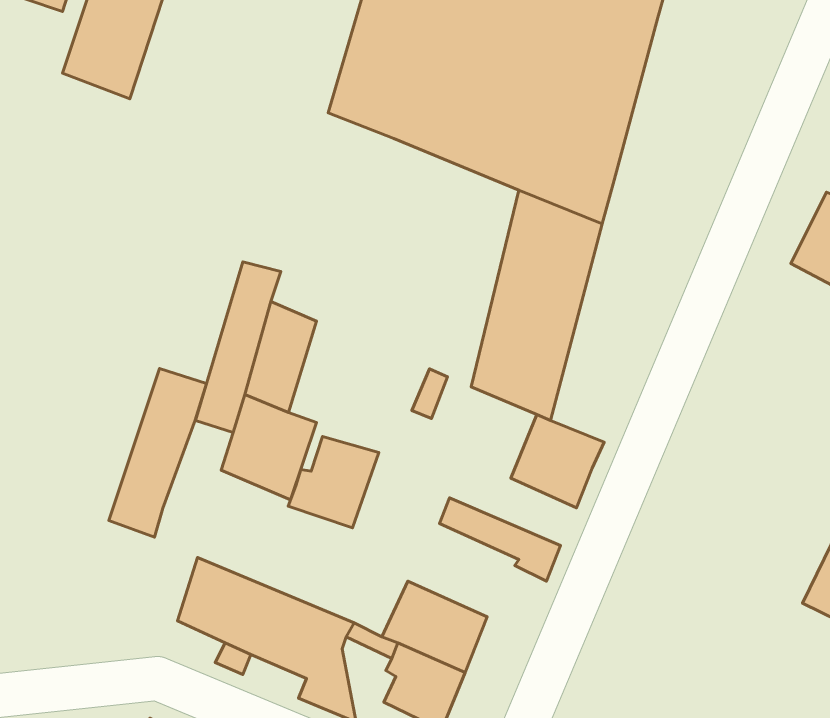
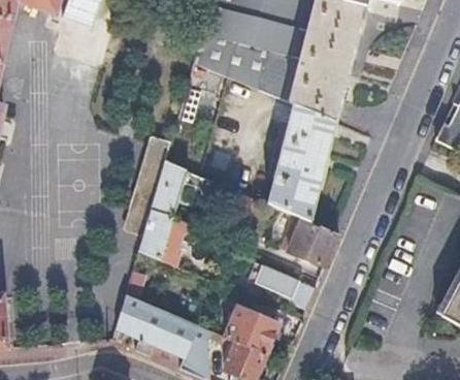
building: [109,369,206,537] -> none
building: [288,436,379,528] -> none

